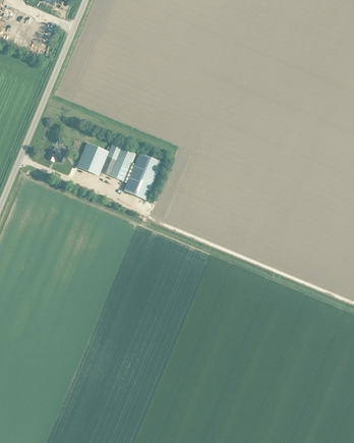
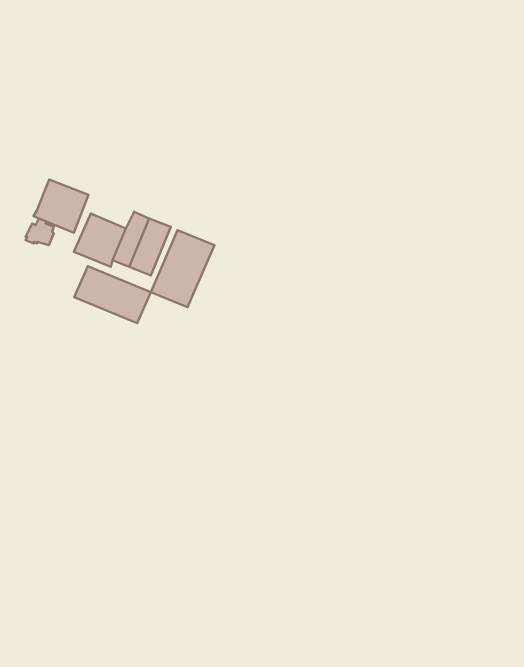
building: none -> [33,179,88,233]
building: none -> [74,266,151,323]

